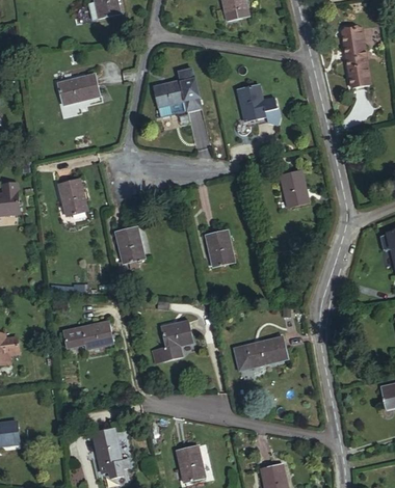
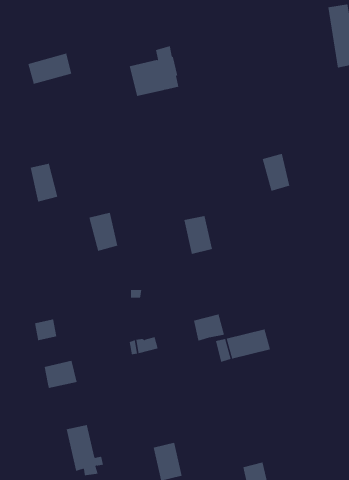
building: [238,84,280,124] -> none
building: [82,321,114,348] -> [44,360,78,389]
building: [163,321,193,347] -> [193,314,225,341]

